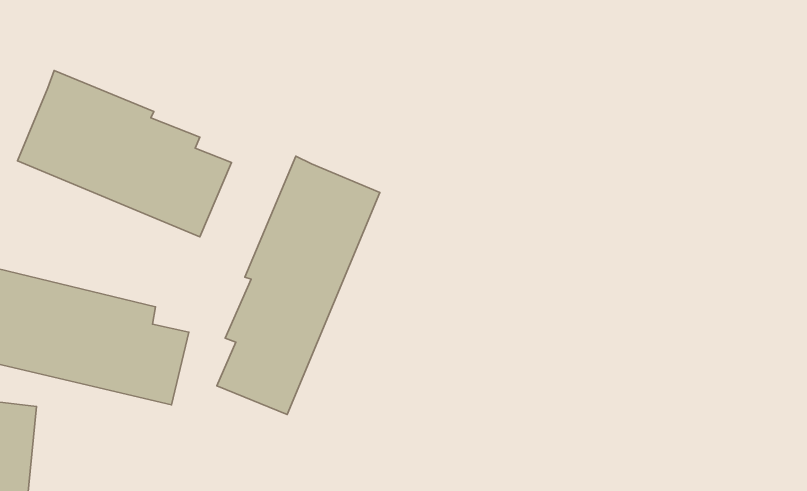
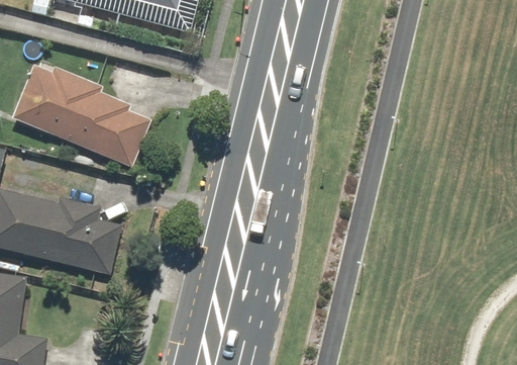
building: [217,156,380,415] -> none

